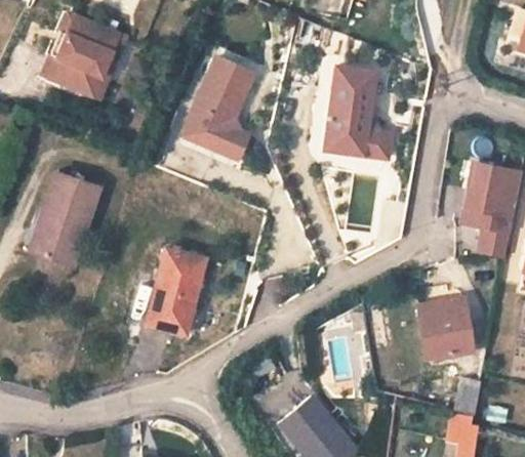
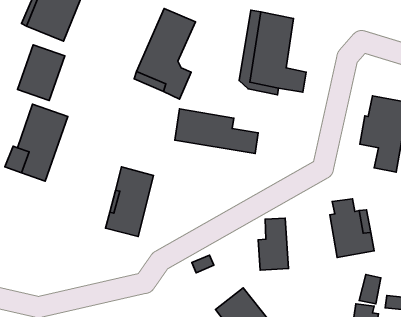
building: none -> [17,45,65,101]
building: none -> [175,109,258,154]

